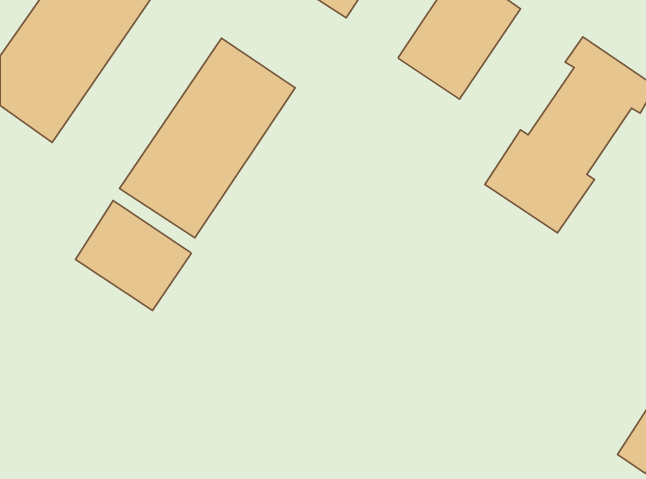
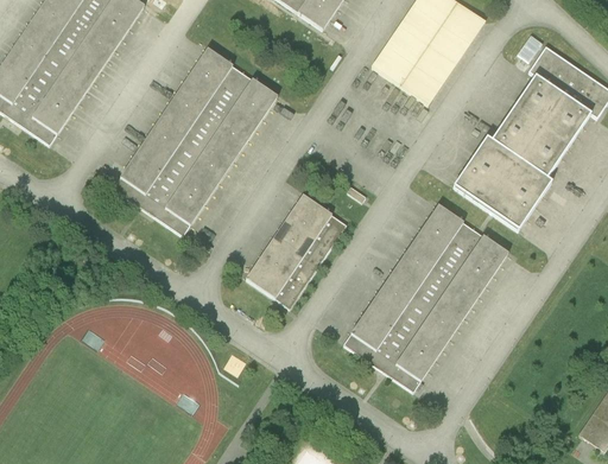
building: none -> [245,195,344,307]
building: [76,200,191,311] -> none
building: none -> [343,205,508,393]

